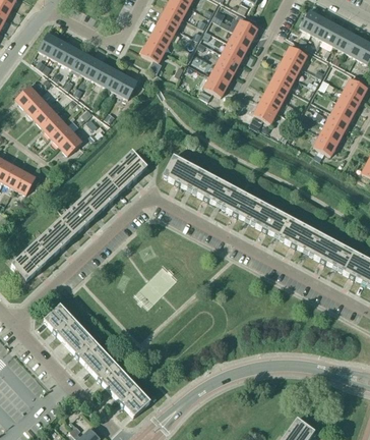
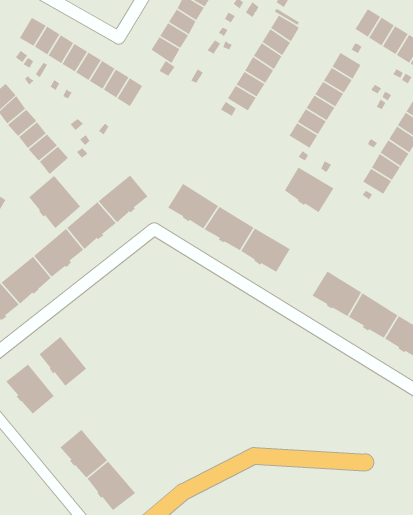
building: none -> [28,175,81,229]
building: [250,202,290,237] -> [284,167,335,213]
building: [66,328,105,368] -> [39,336,87,387]

